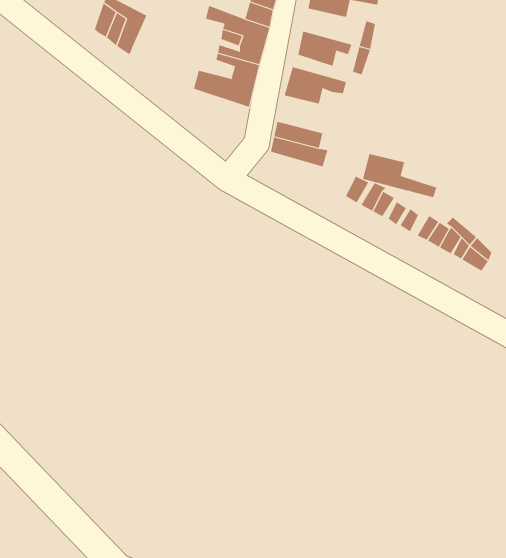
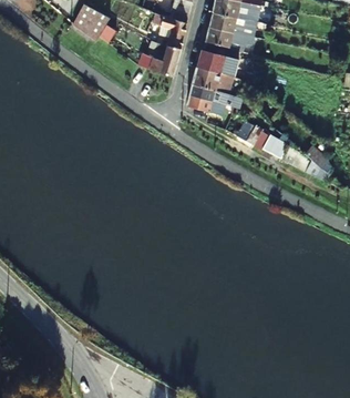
building: none -> [209,12,243,35]
building: [362,154,437,198] -> [193,69,241,98]

